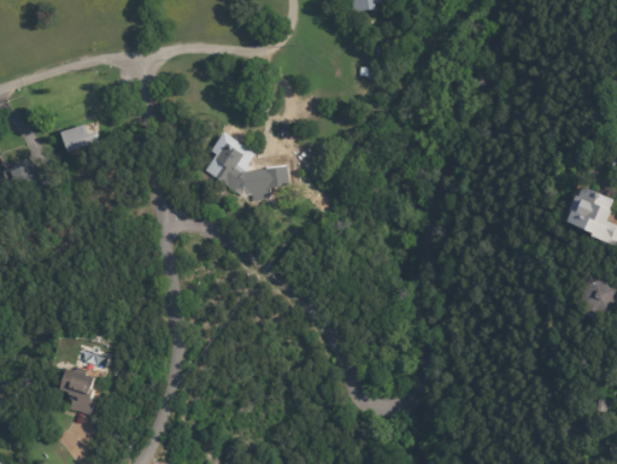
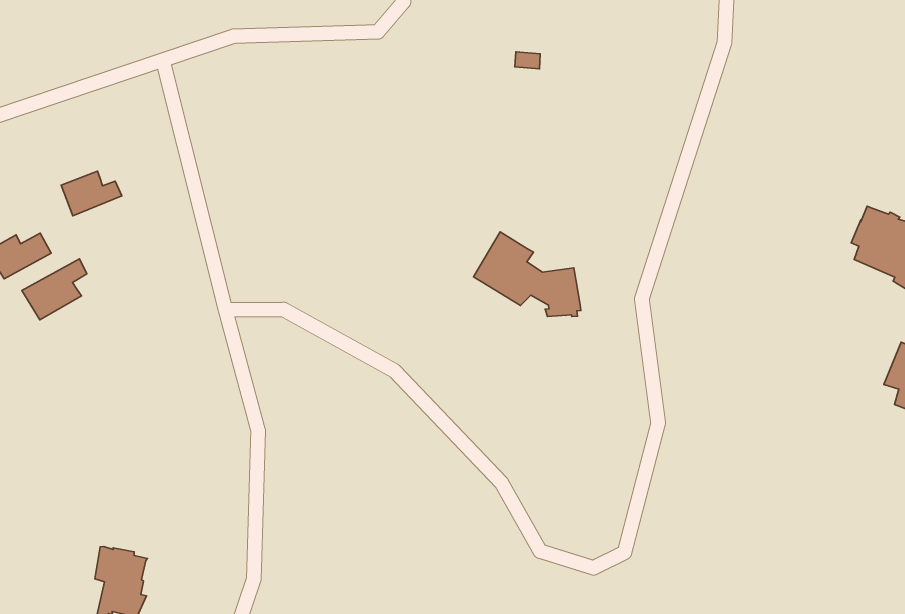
building: [207,143,275,201] -> [474,232,581,317]
building: none -> [22,259,87,320]

